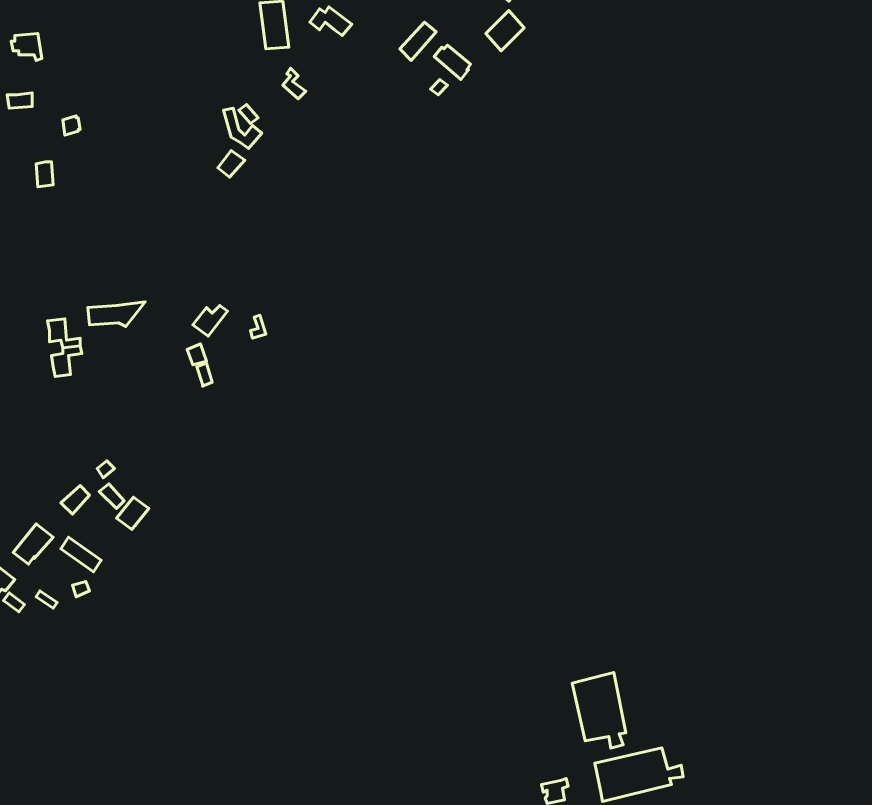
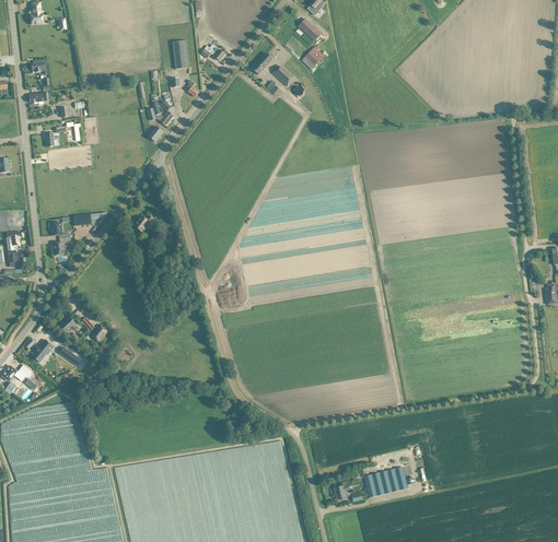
building: [572,673,626,748] -> none

